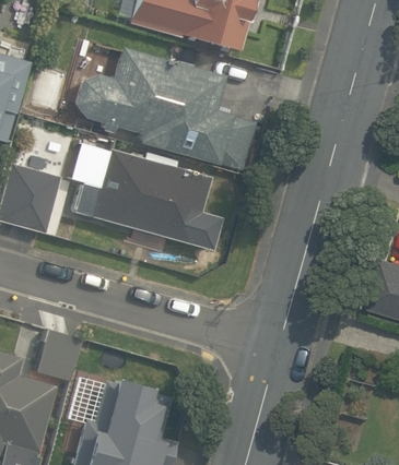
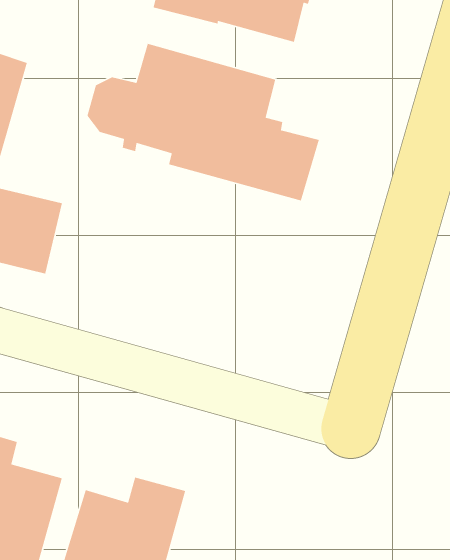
building: [73,151,209,246] -> none

